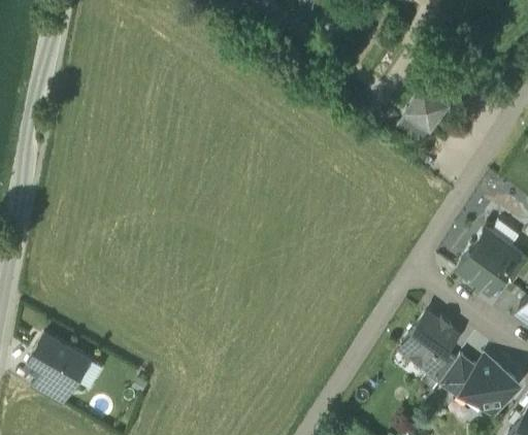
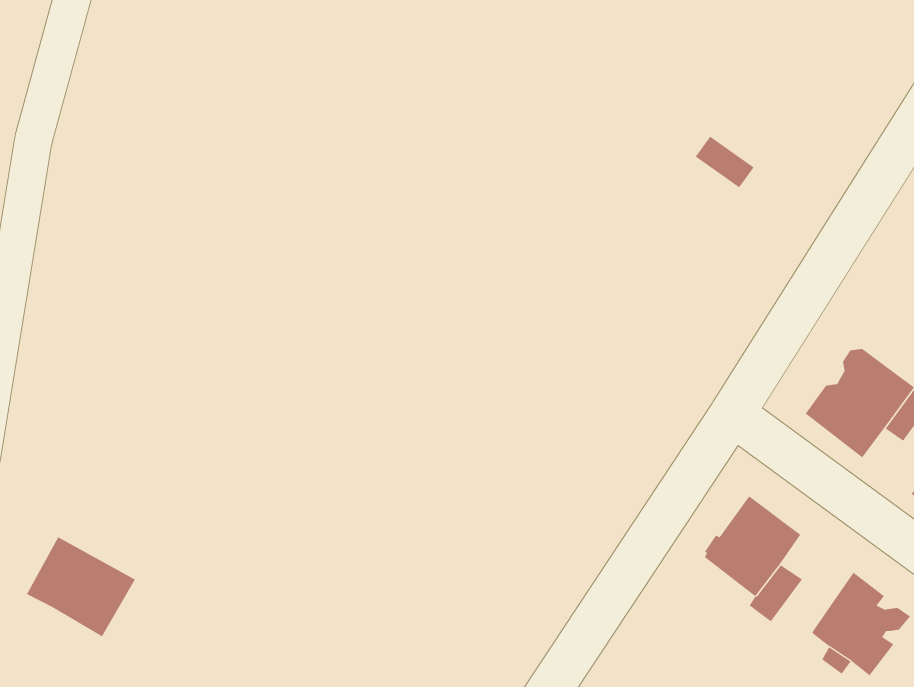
building: [405,87,451,132] -> none
building: [440,353,478,396] -> none
building: [34,374,70,405] -> none

